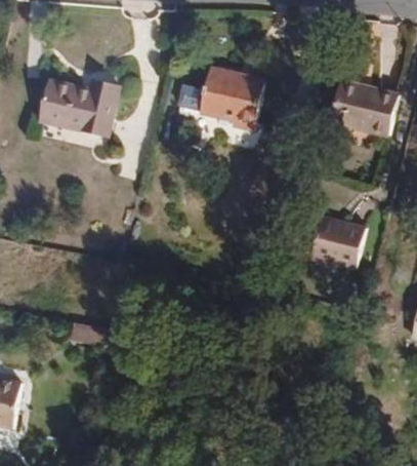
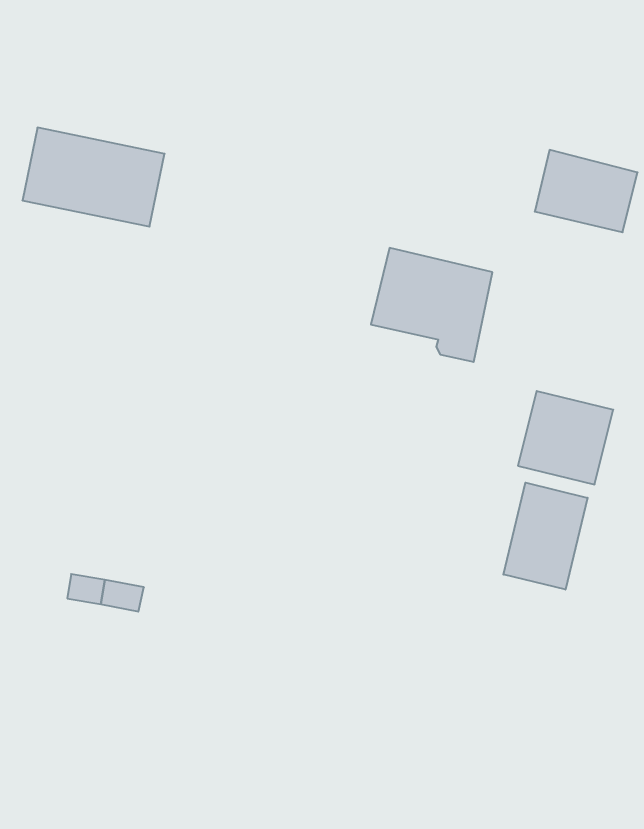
building: [198,65,264,127] -> [371,248,492,362]
building: none -> [503,483,588,590]

